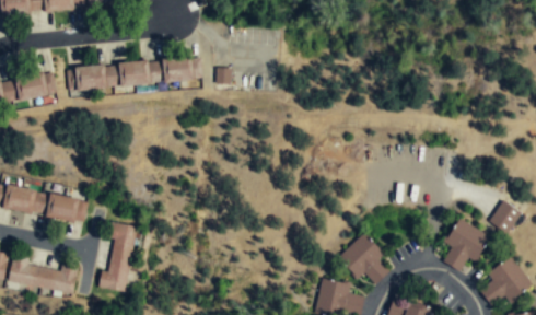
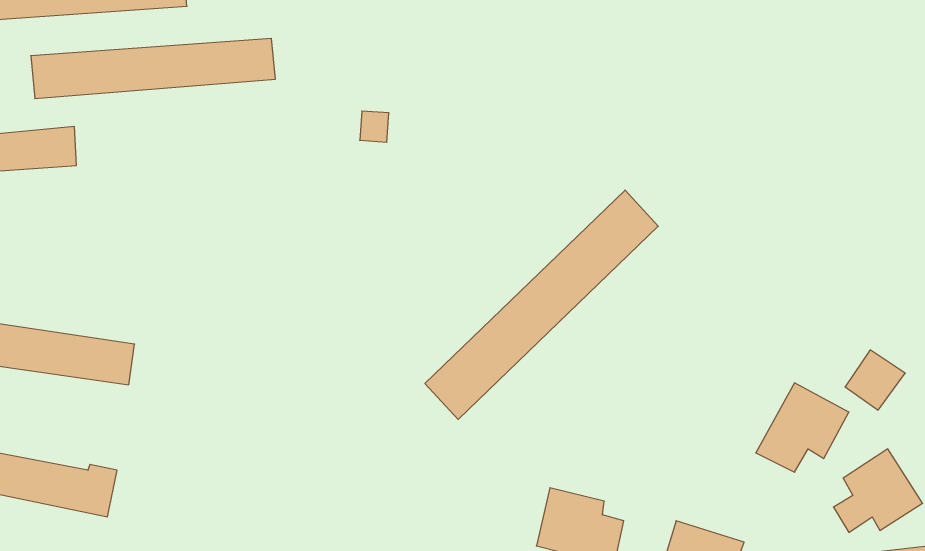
building: [65,57,202,91] -> [31,38,275,99]
building: none -> [425,190,658,419]
building: [103,222,136,292] -> none
building: [339,233,388,288] -> none

